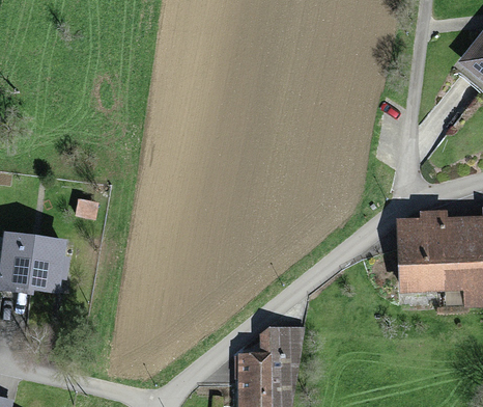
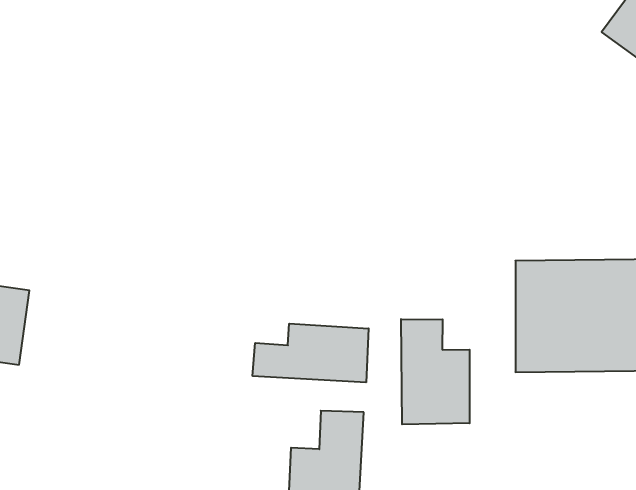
building: none -> [401,319,470,424]
building: none -> [253,324,369,382]

